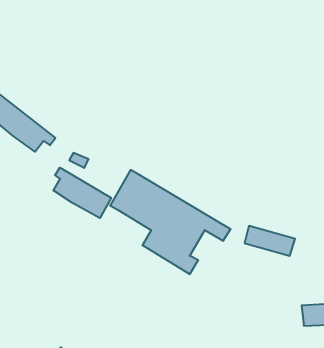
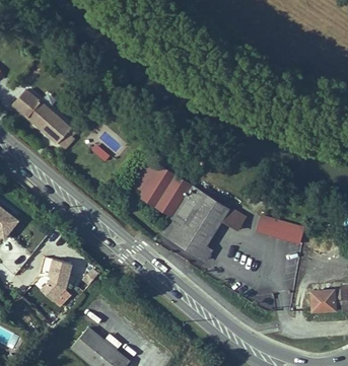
building: [53,168,111,218] -> none
building: none -> [39,263,69,307]

